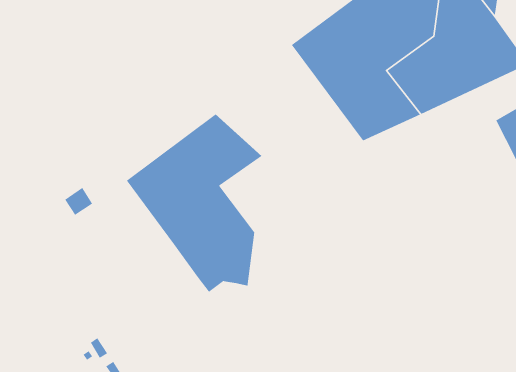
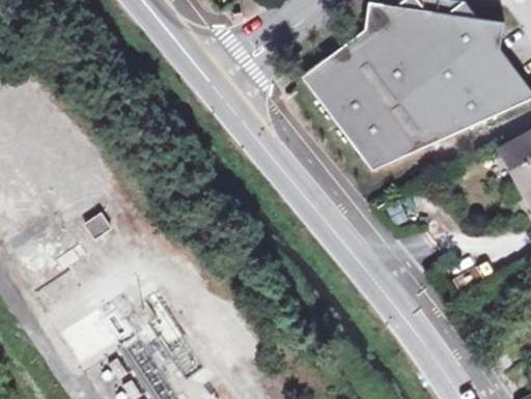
building: [126,114,262,293] -> none

